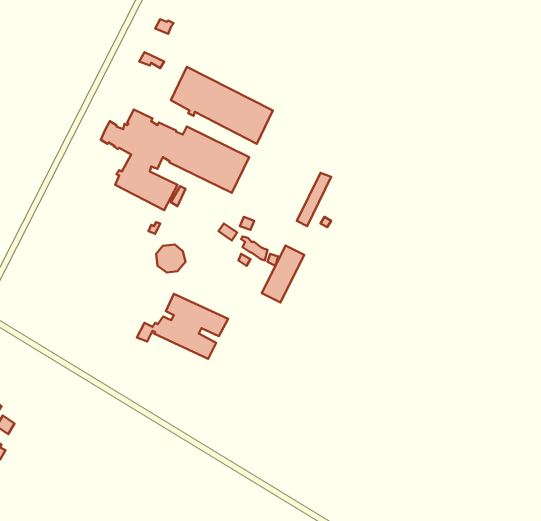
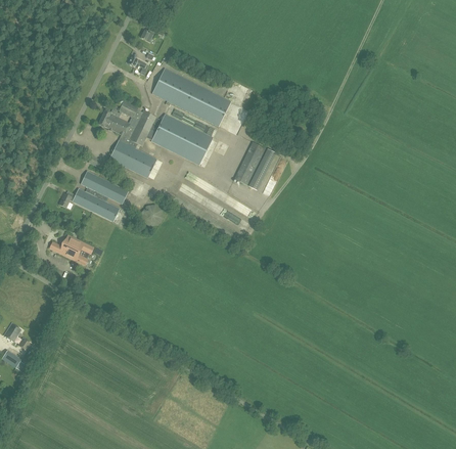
building: [262,245,304,302] -> [234,141,267,185]
building: none -> [49,234,94,266]
building: [137,294,228,359] -> [58,171,129,221]

